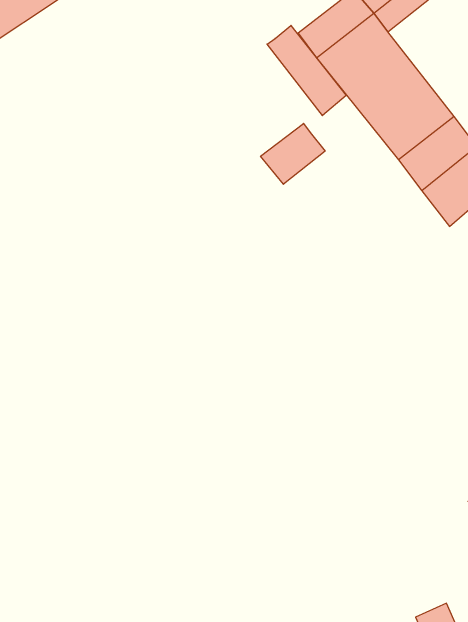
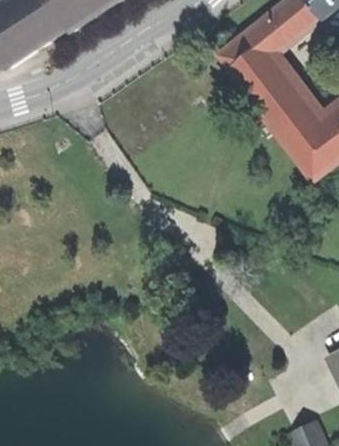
building: [267,25,346,116] -> none
building: [261,123,325,184] -> none

